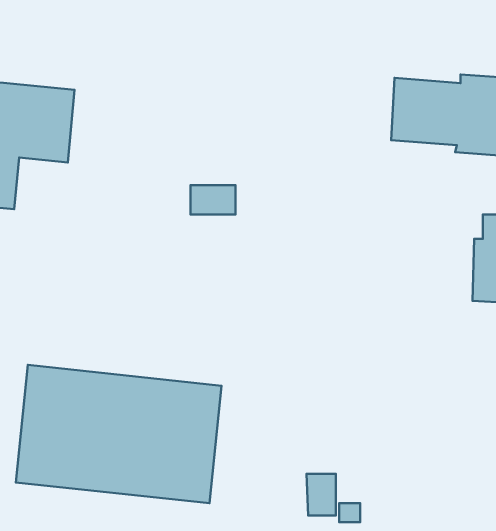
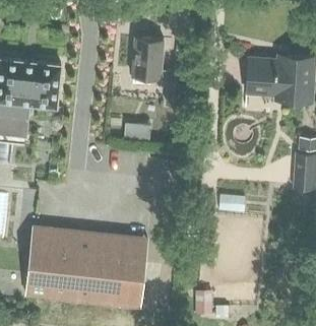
building: none -> [131,37,184,106]

